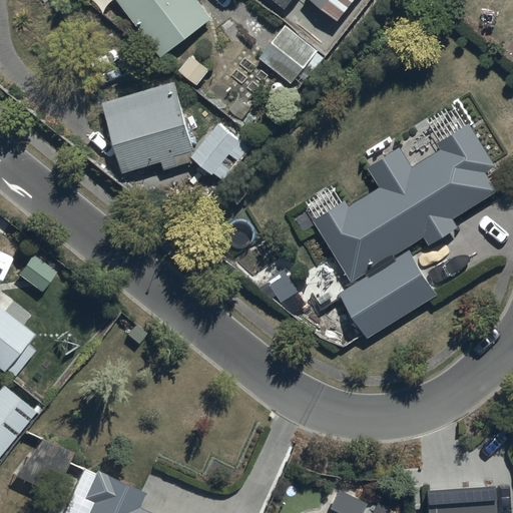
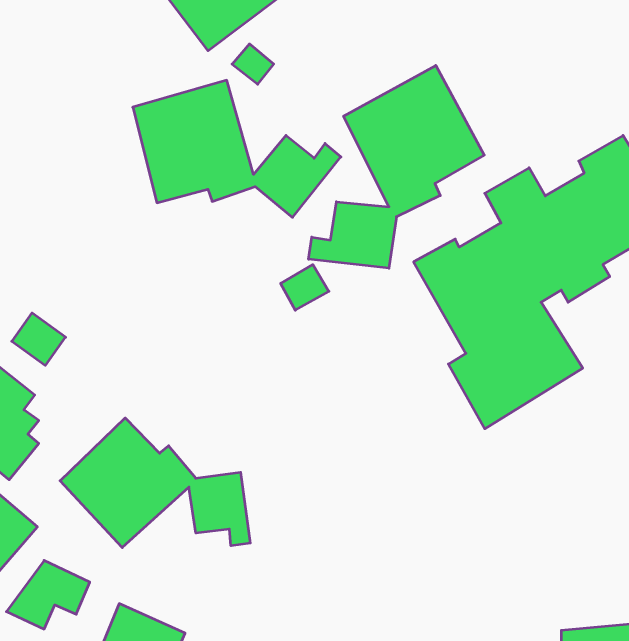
building: [258,26,318,84] -> none
building: none -> [309,65,484,268]
building: none -> [60,418,250,548]

